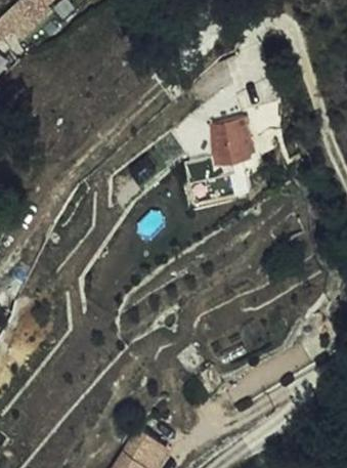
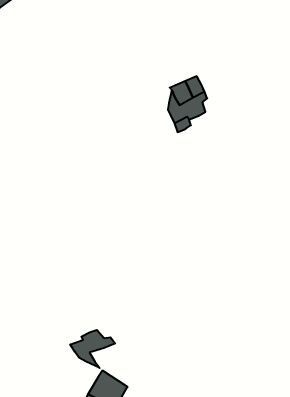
building: none -> [70,330,115,368]

